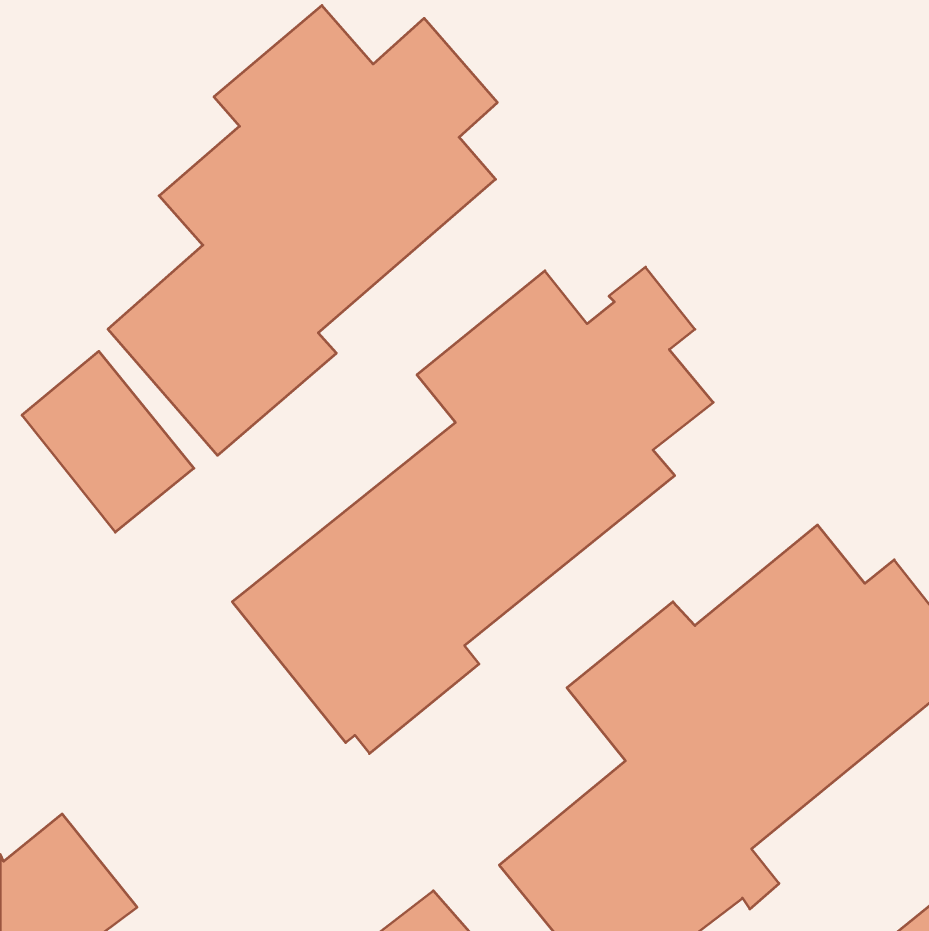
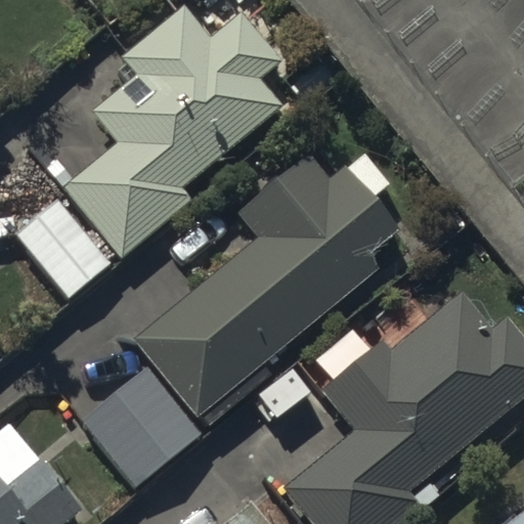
building: none -> [80,367,202,489]

